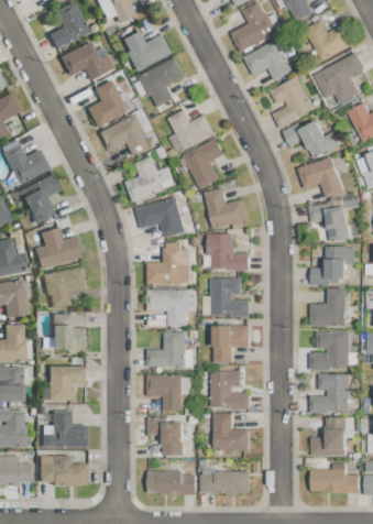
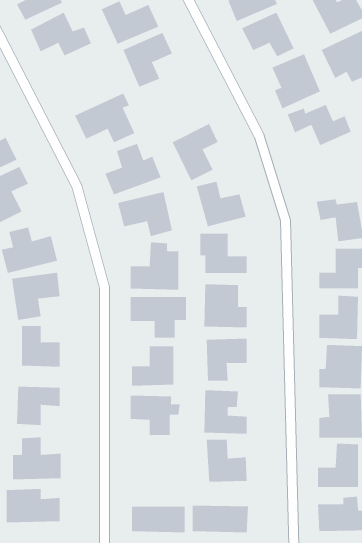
building: [87,80,128,127] -> none
building: [167,109,215,149] -> none
building: [298,156,343,197] -> none
building: [147,416,184,455] -> none

